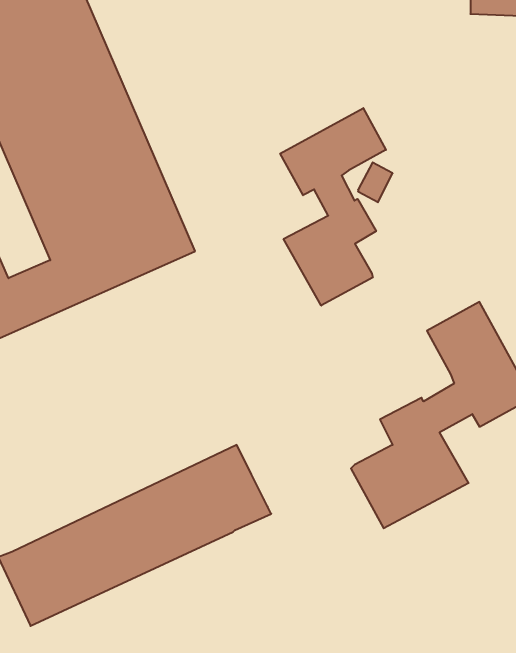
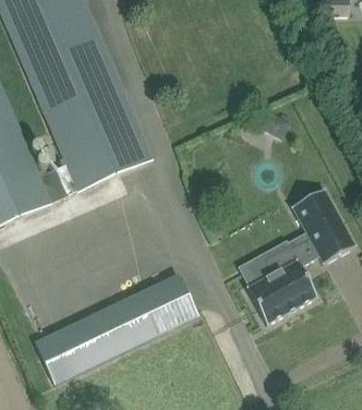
building: [280,108,386,306] -> none

